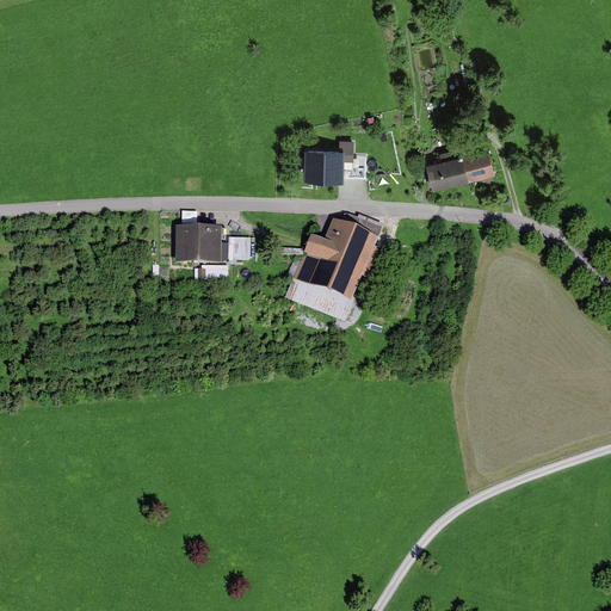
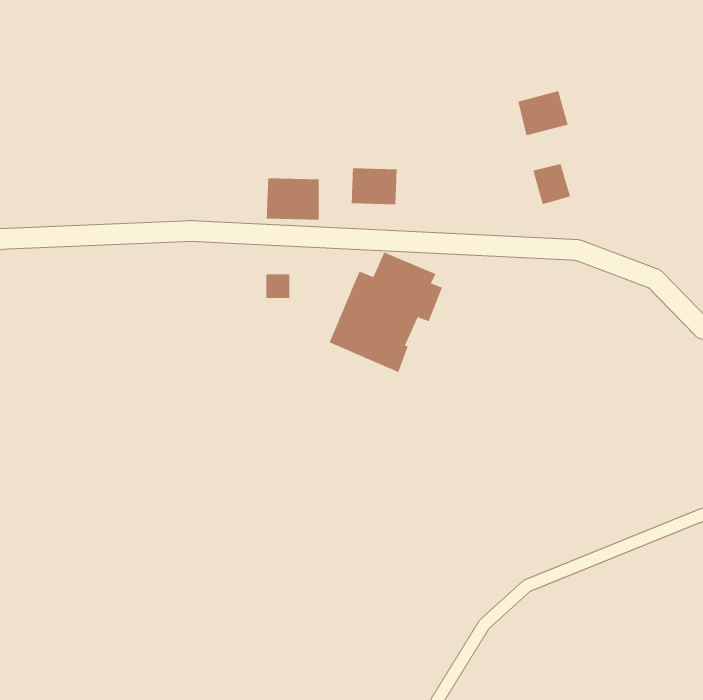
building: [426,148,470,187] -> [518,91,568,136]
building: [175,226,222,263] -> [266,178,320,220]

